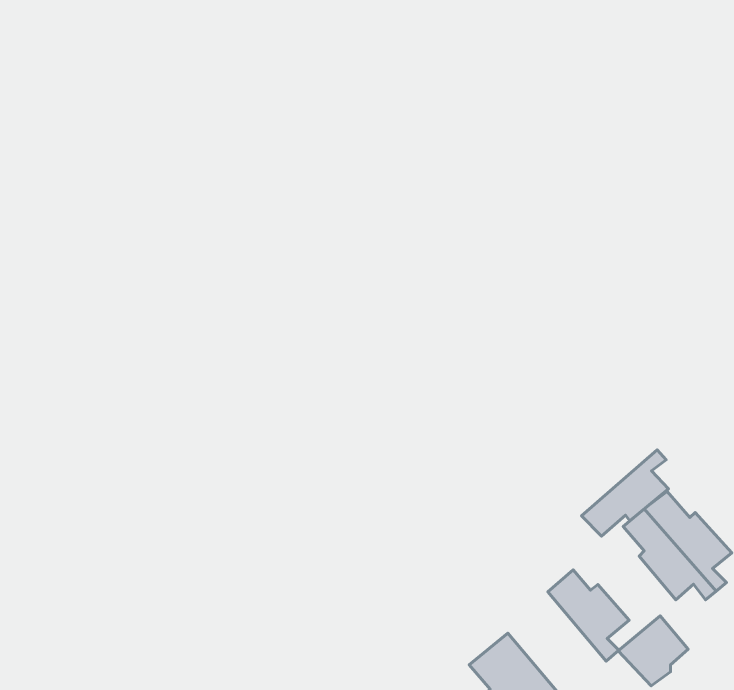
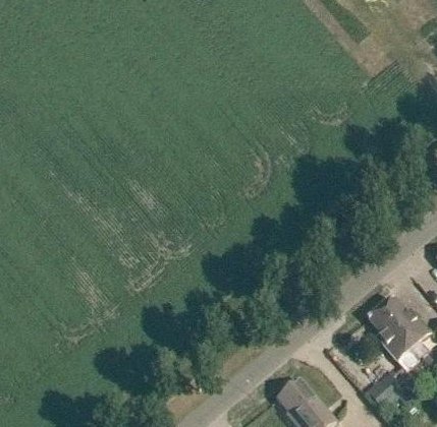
building: [581,450,668,536] -> none
building: [548,570,629,661] -> none

